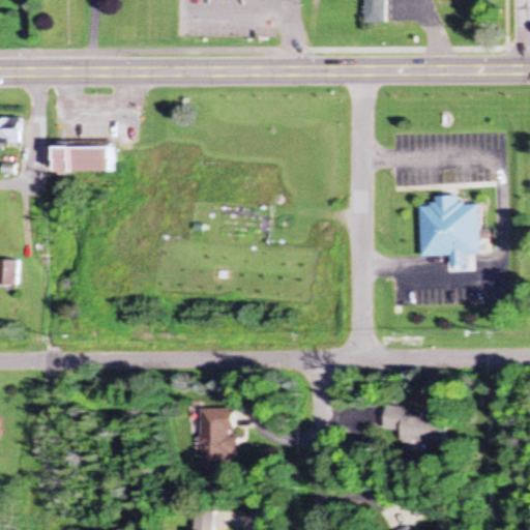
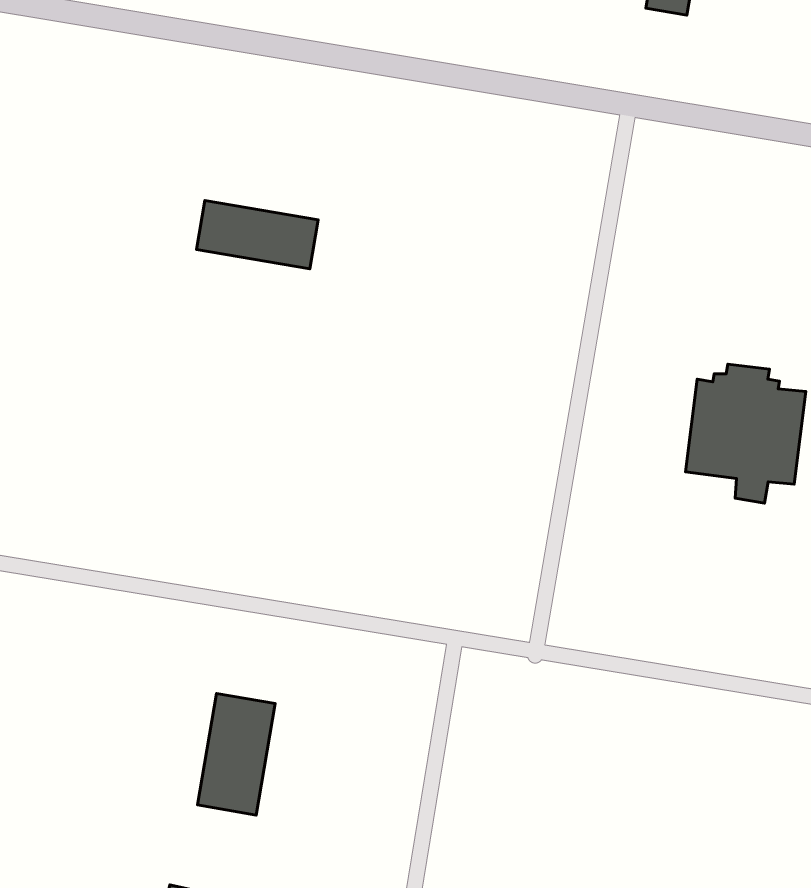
building: [53,147,113,173] -> [196,201,318,269]
building: [384,410,447,445] -> none

